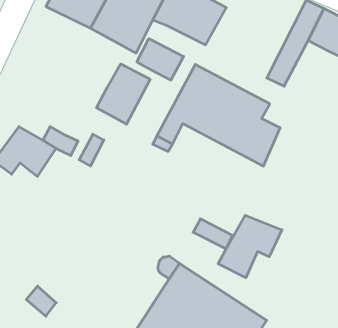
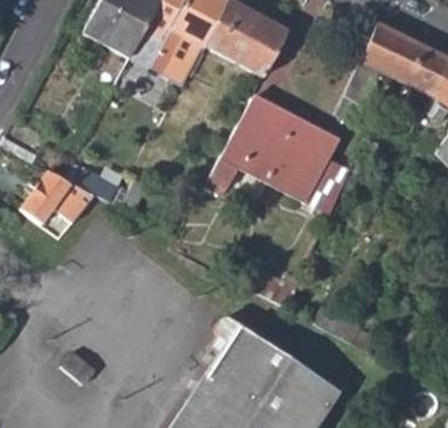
building: [137,39,184,80] -> none
building: [97,64,150,124] -> none
building: [218,215,282,278] -> none

